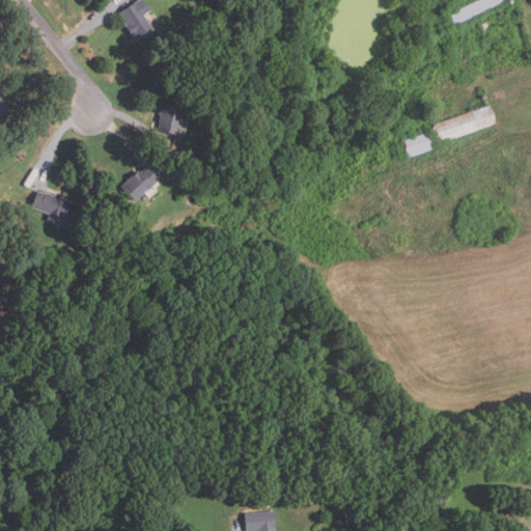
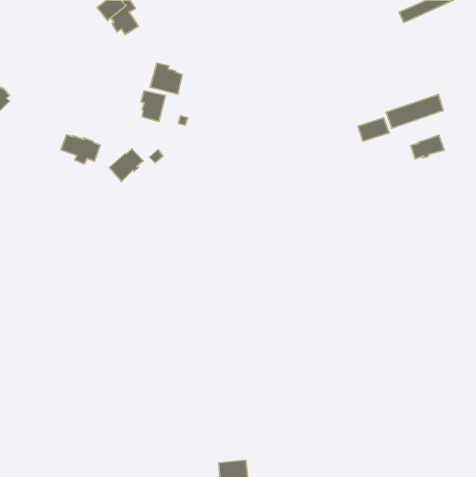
building: none -> [150,63,182,94]
building: none -> [411,135,444,159]
building: [31,192,75,224] -> [61,135,100,164]

